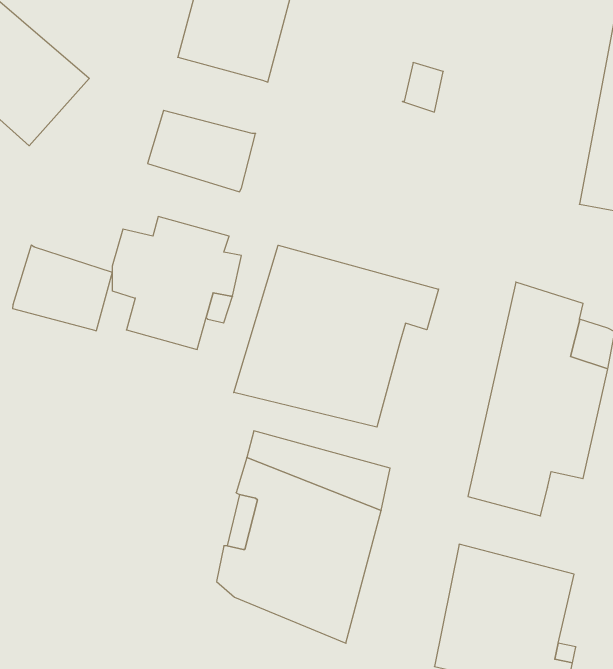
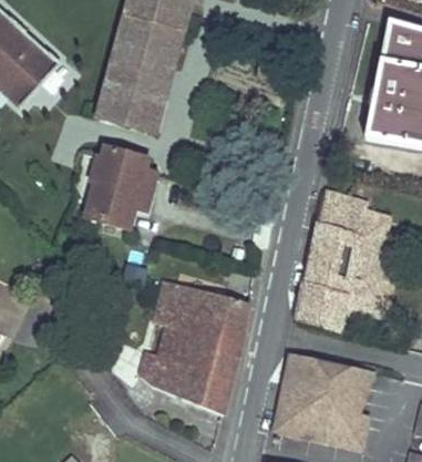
building: none -> [106,47,172,94]
building: [13,245,112,331] -> none
building: [234,245,439,427] -> none

